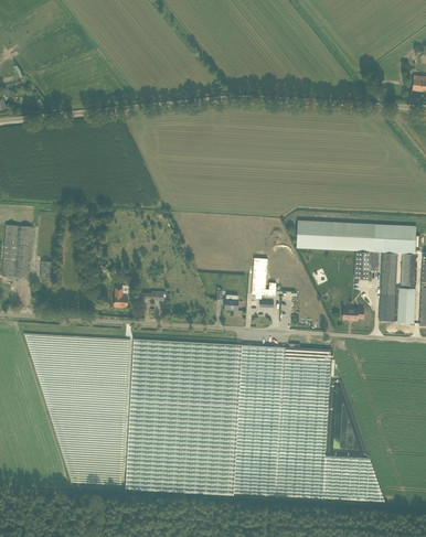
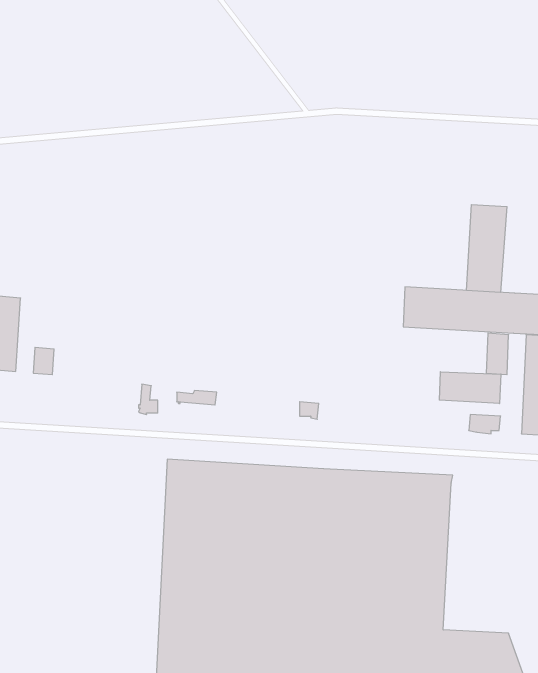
building: none -> [467,205,507,292]
building: none -> [439,372,501,404]

